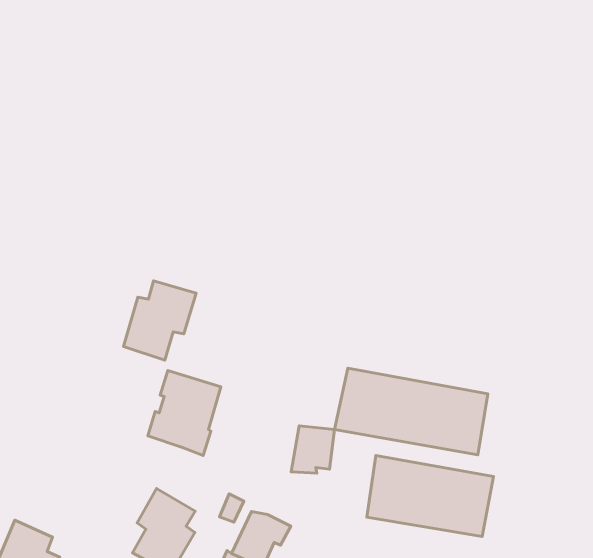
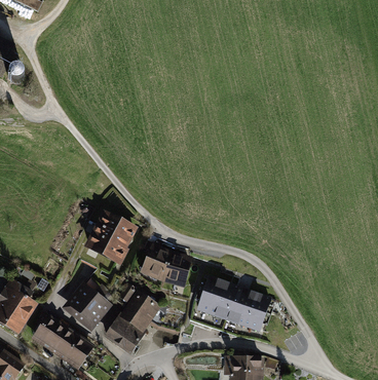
building: [124,281,196,360] -> none
building: [335,368,488,455] -> none
building: none -> [144,250,171,279]

